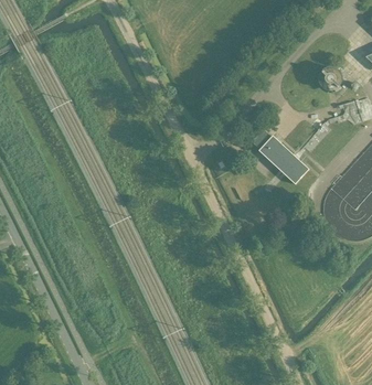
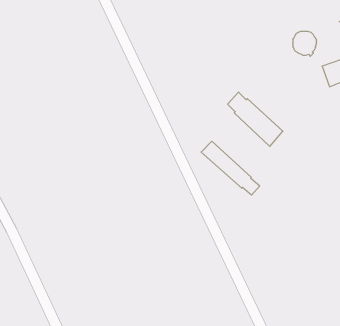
building: none -> [201,141,260,195]

